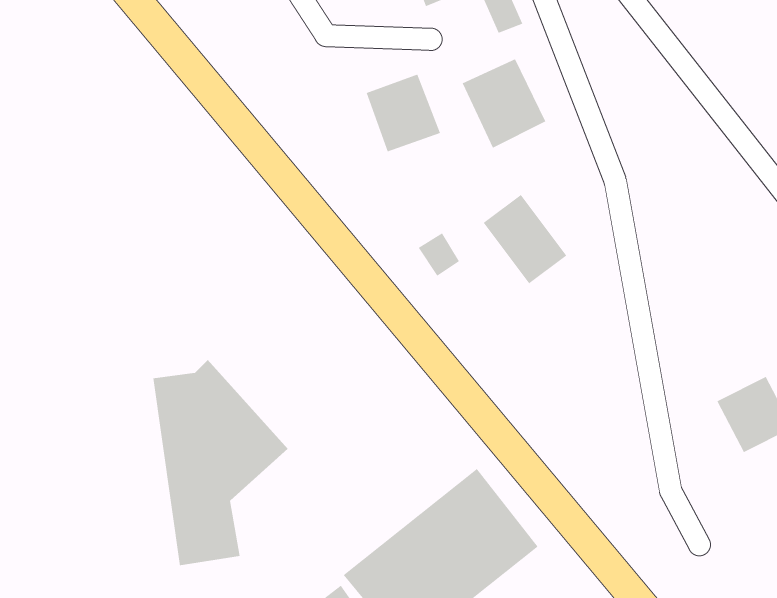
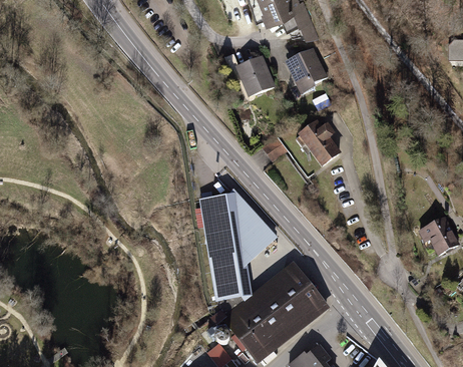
building: [152,359,288,566] -> [203,190,275,298]

